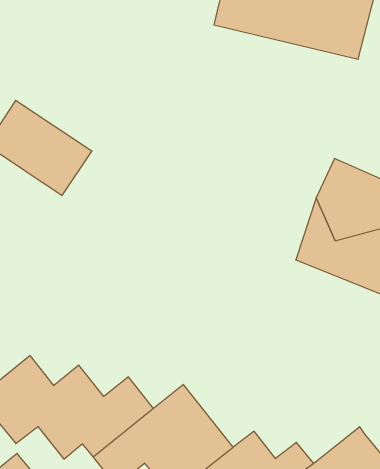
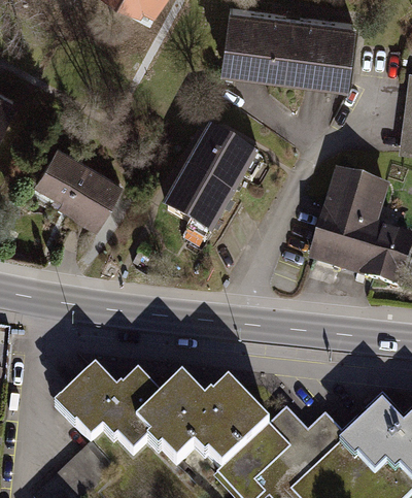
building: none -> [163,129,261,237]

